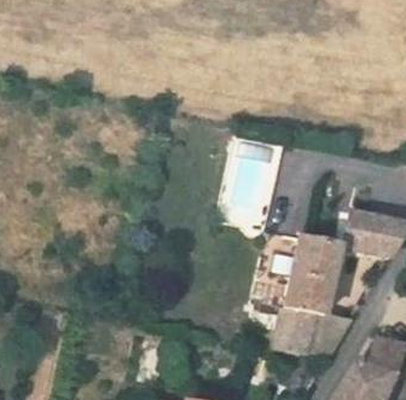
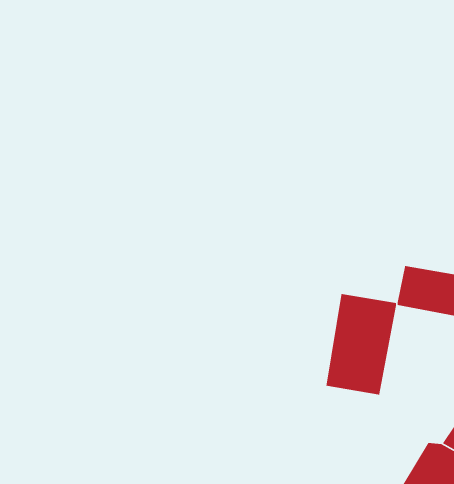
building: [279,307,350,350] -> none

